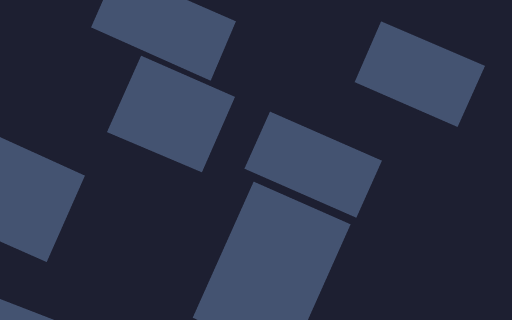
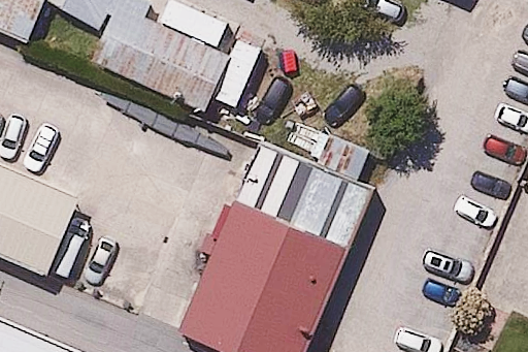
building: [354,21,486,128] -> none
building: [106,55,236,173] -> none

